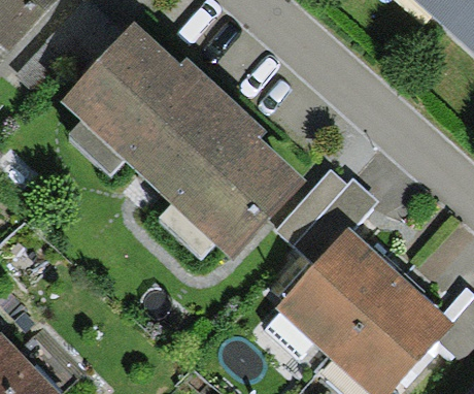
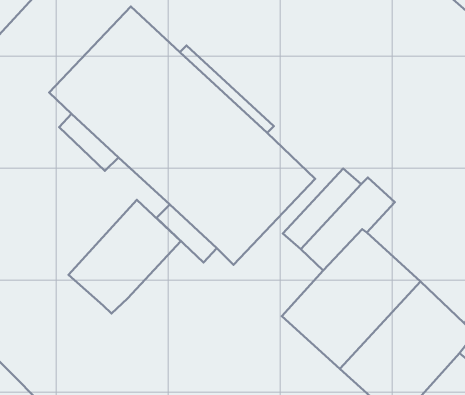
building: none -> [68,200,181,313]

